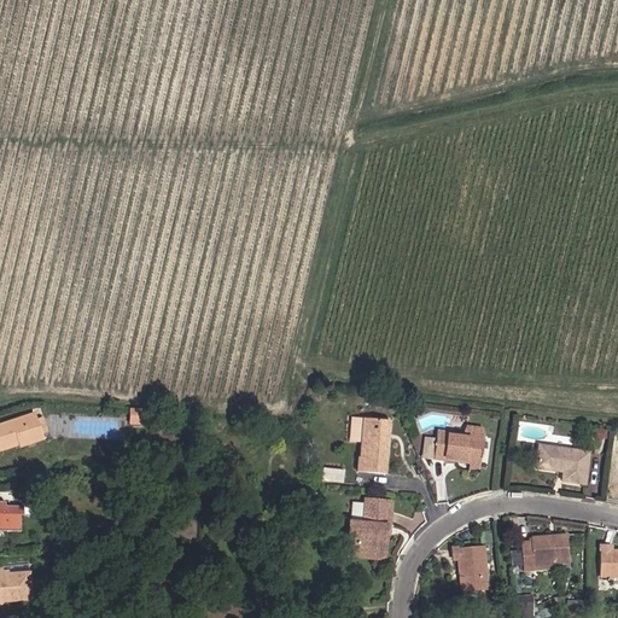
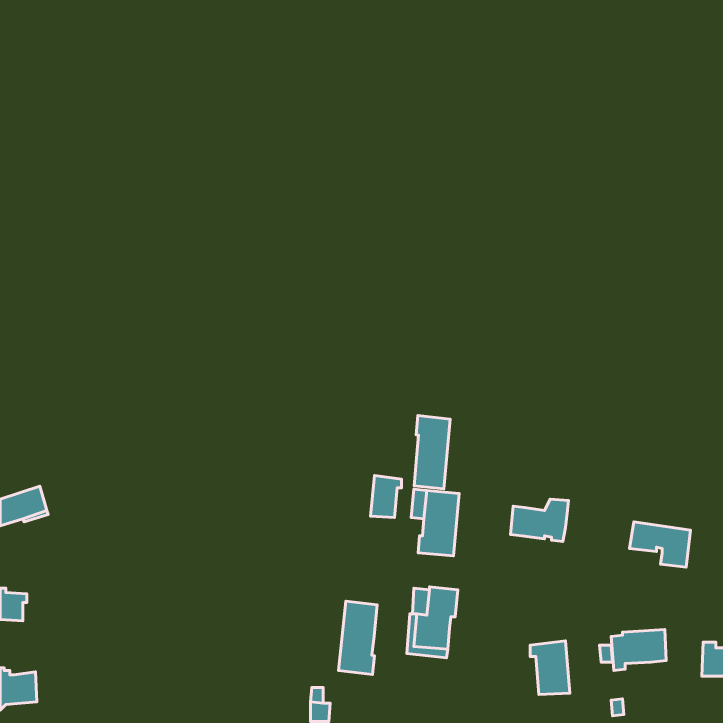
building: none -> [414,416,450,489]
building: none -> [371,476,402,518]
building: none -> [339,601,377,675]

